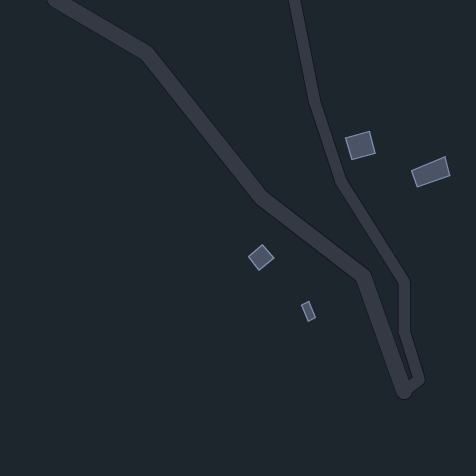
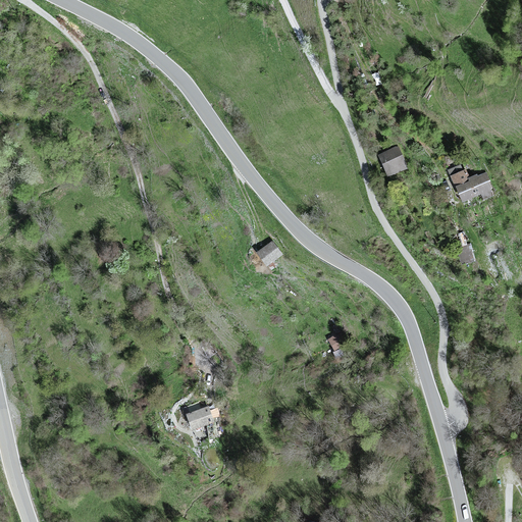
building: [249,245,274,270] -> [254,241,281,268]
building: none -> [185,406,213,432]

